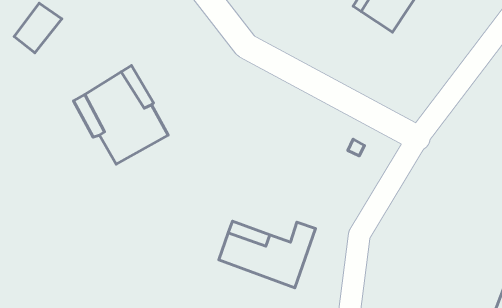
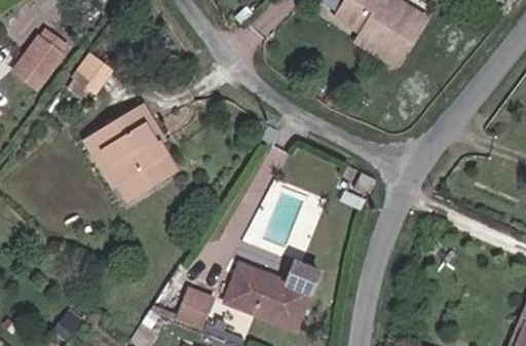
building: none -> [69,59,112,103]
building: none -> [174,285,214,326]

